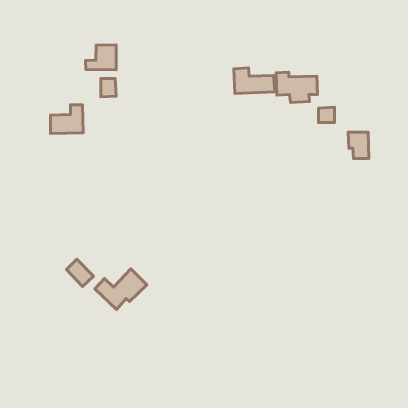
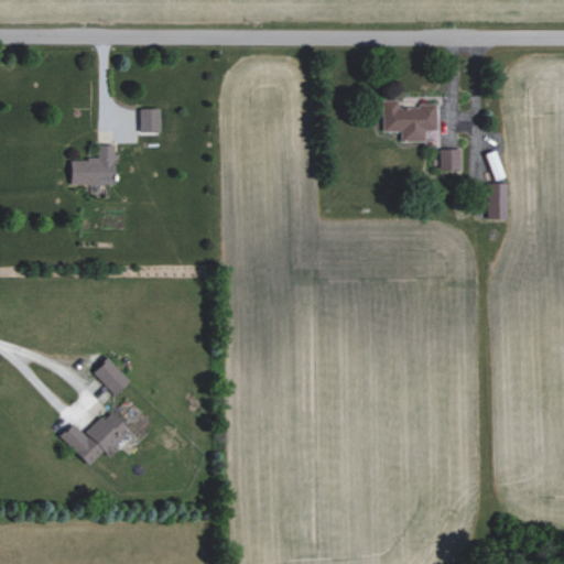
building: [85,45,116,70] -> none
building: [234,68,275,93] -> none
building: [95,269,147,310] -> [59,410,131,466]

